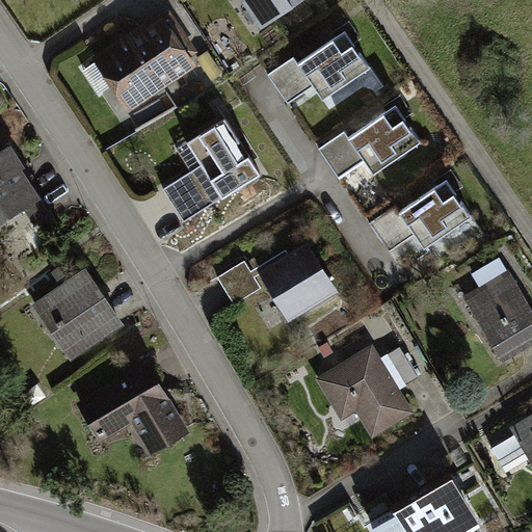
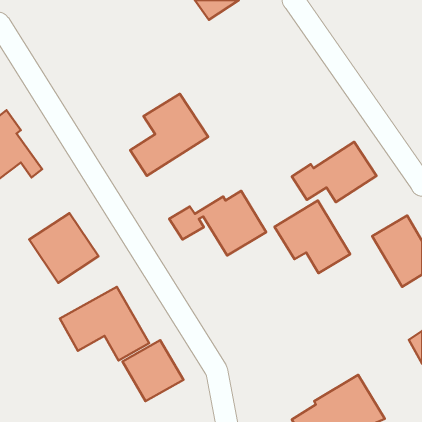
building: [92,9,197,113] -> none
building: [267,32,370,105] -> none
building: [315,107,421,183] -> none
building: [319,346,414,437] -> [275,200,350,273]
building: none -> [122,340,183,401]

